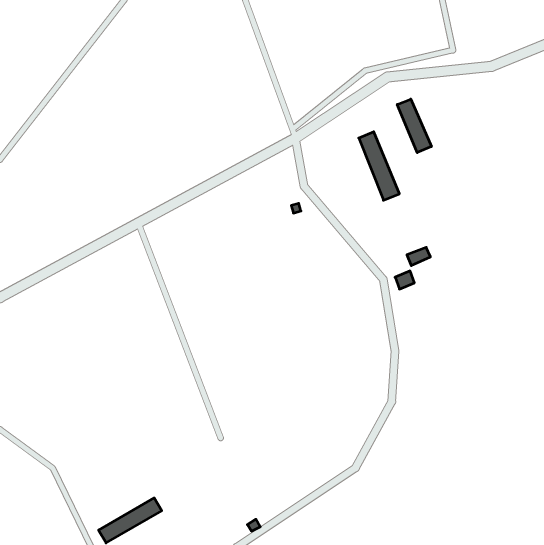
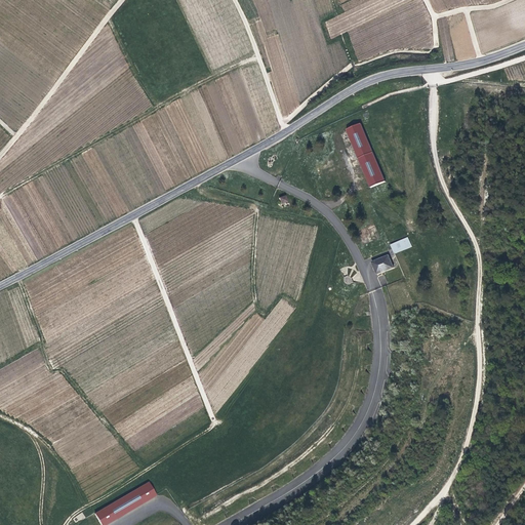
building: [397,99,431,153] -> none

